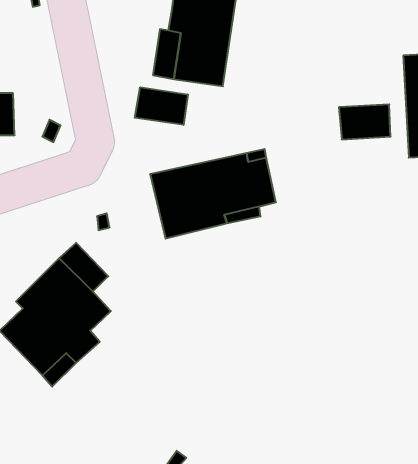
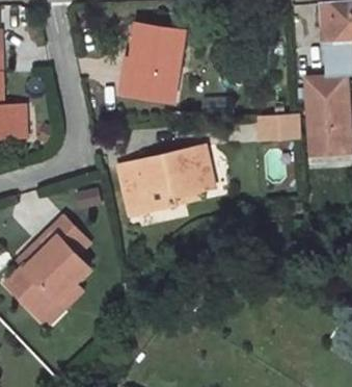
building: [135,87,188,125] -> none

